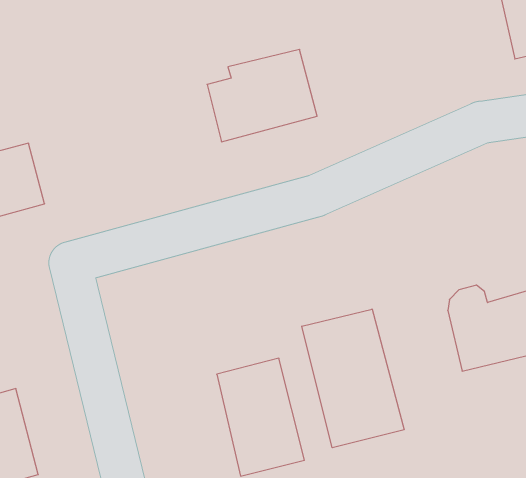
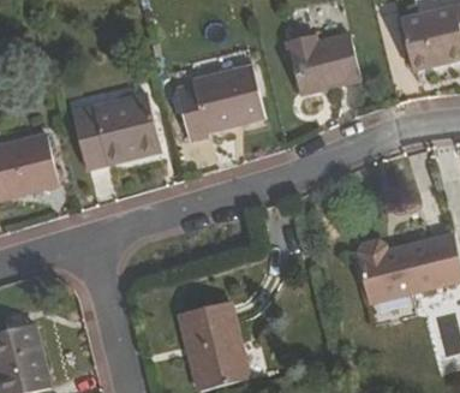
building: none -> [280,36,353,95]
building: none -> [73,95,159,166]
building: [302,309,404,448] -> none

